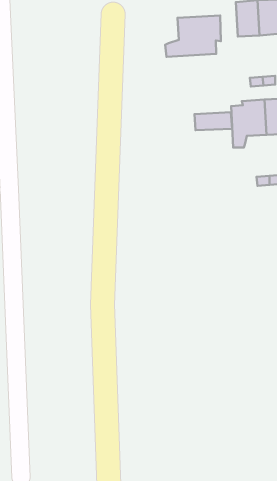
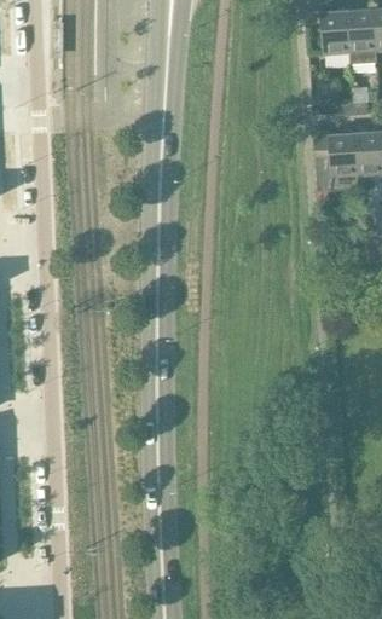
building: [165,15,221,57] -> none
building: [195,112,232,130] -> none

